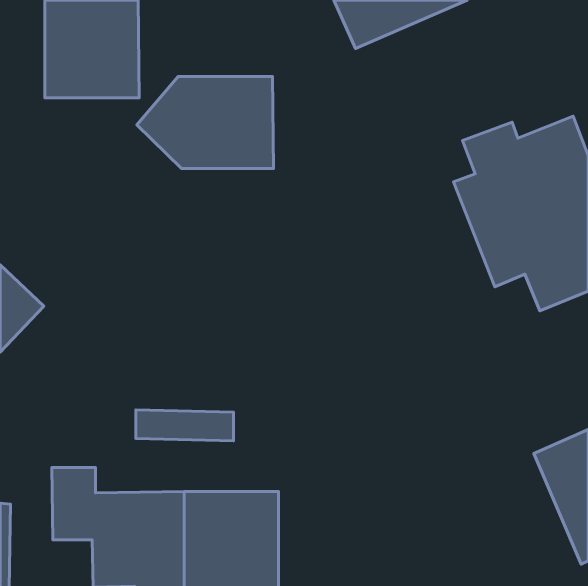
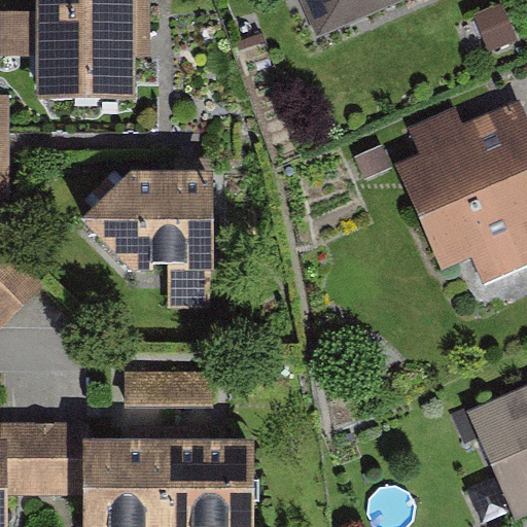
building: [137,77,274,169] -> [84,174,207,256]

